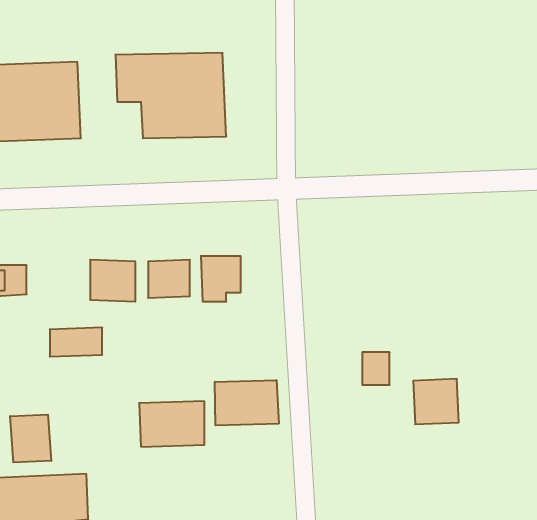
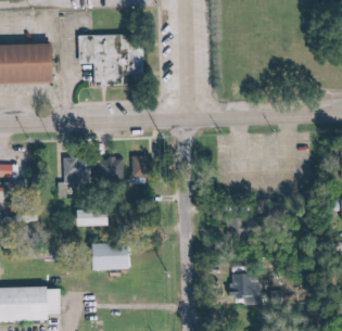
building: [50,328,102,357] -> [76,208,107,226]
building: [413,379,459,424] -> [227,272,254,300]
building: [215,380,279,425] -> none
building: [10,415,51,462] -> none

